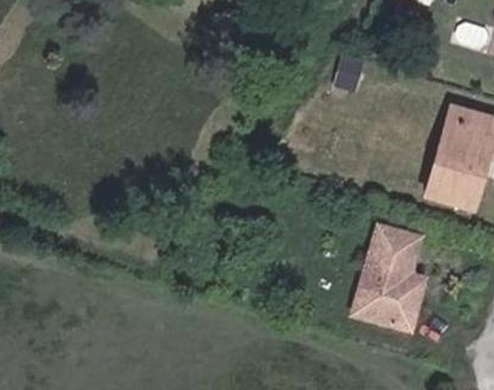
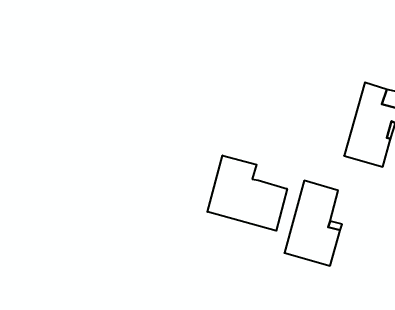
building: none -> [207,155,287,231]

